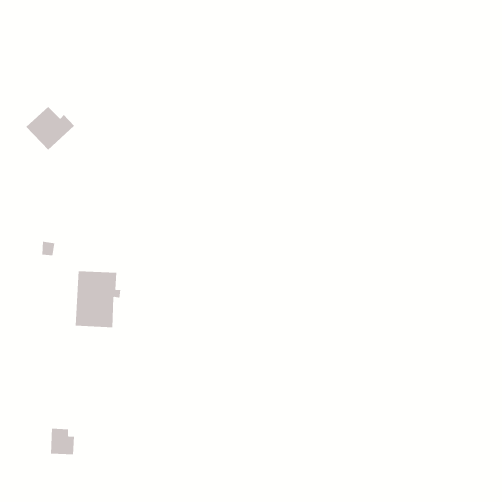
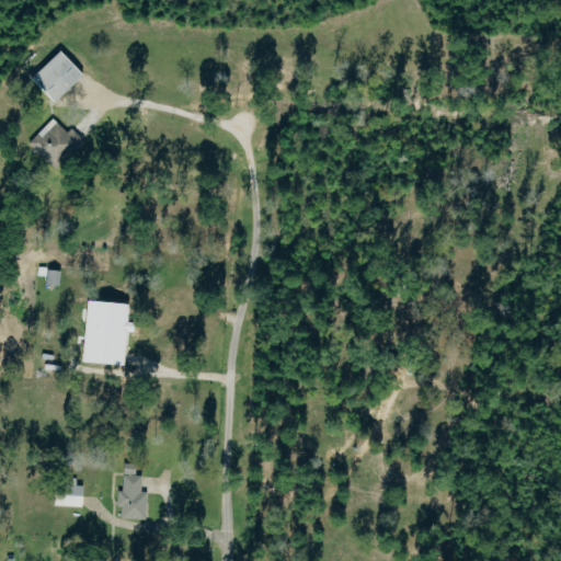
building: none -> [32,50,84,103]
building: none -> [117,462,147,518]

